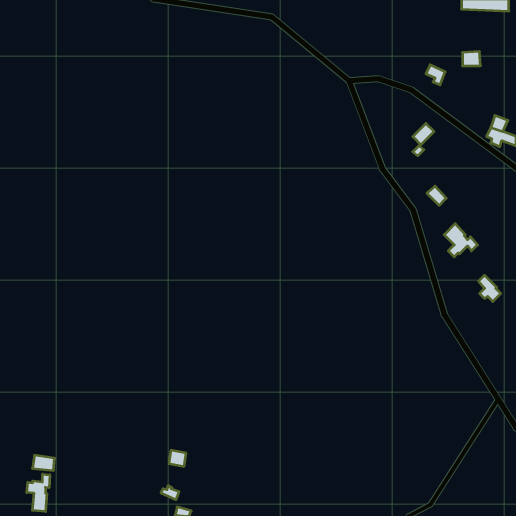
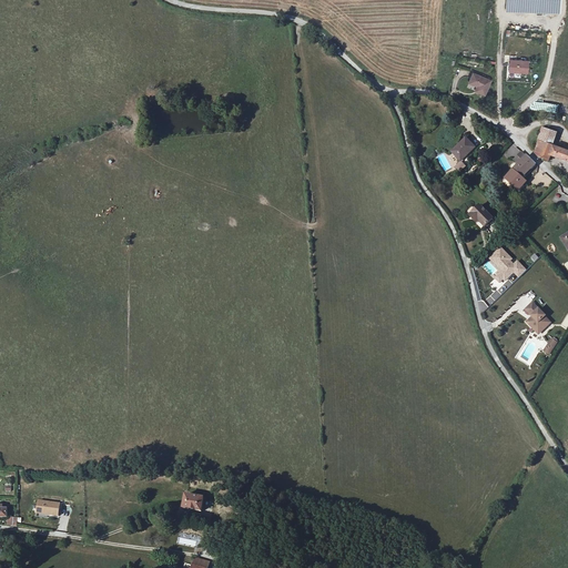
building: none -> [506,151,535,189]
building: [27,474,50,512] -> none

